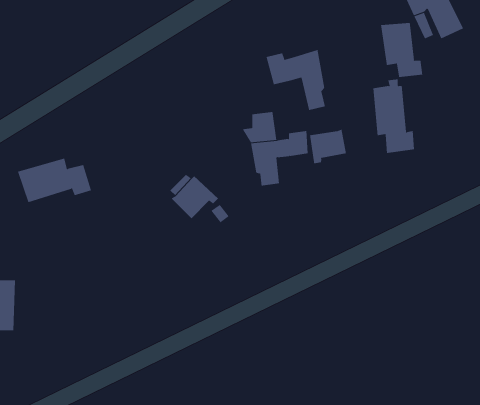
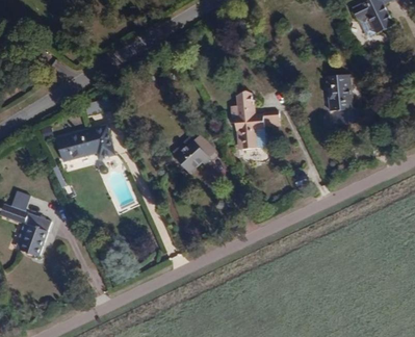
building: [381,22,423,78] -> none
building: [266,49,326,111] -> none
building: [309,129,346,164] -> none

